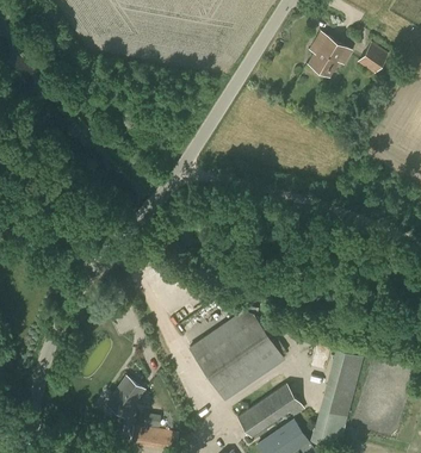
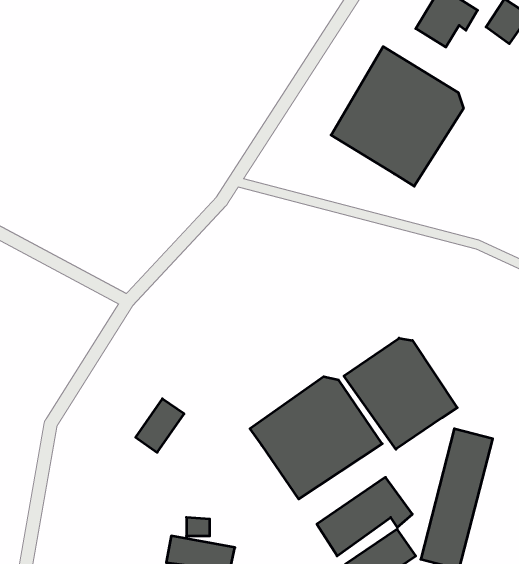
building: none -> [331,47,463,186]
building: none -> [344,338,457,449]
building: [109,377,143,415] -> [136,399,184,452]

